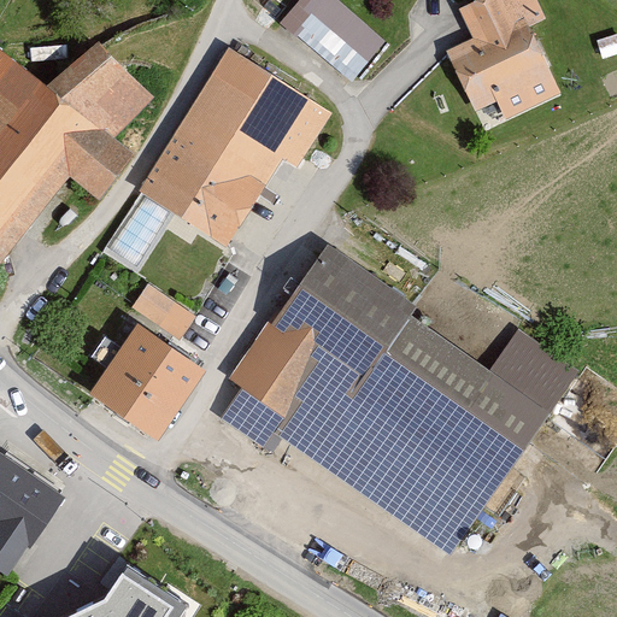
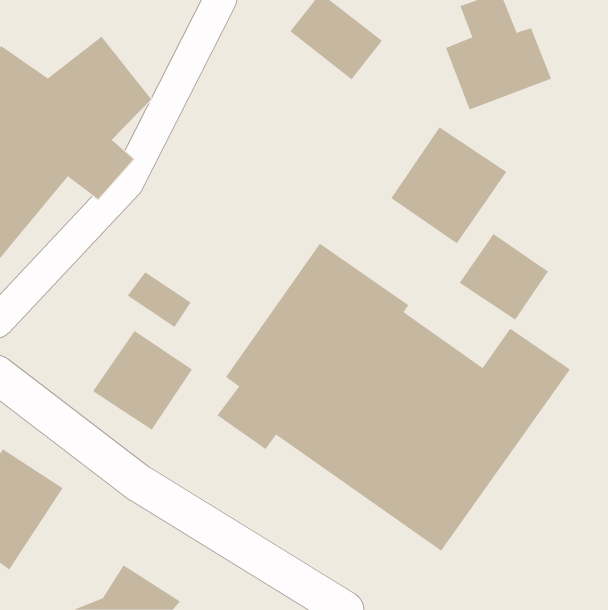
building: [136,47,333,246] -> none
building: none -> [390,126,507,244]
building: none -> [459,233,549,321]

